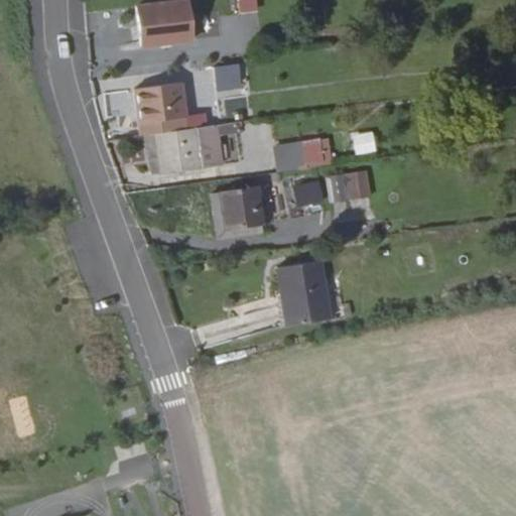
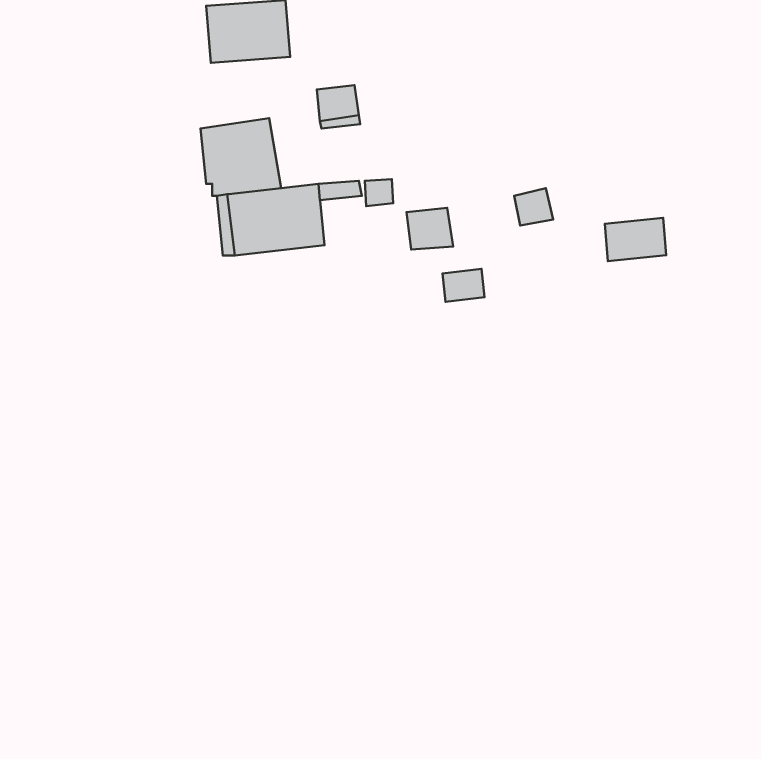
building: [336,171,377,201] -> [605,218,666,261]
building: [213,183,267,232] -> none
building: [275,269,326,334] -> none

